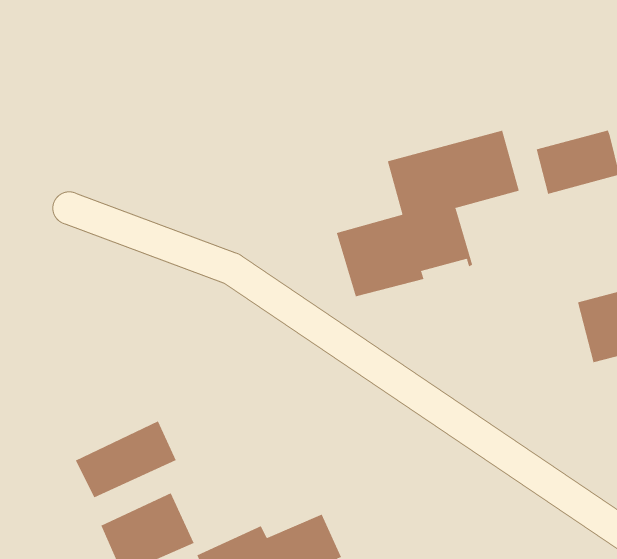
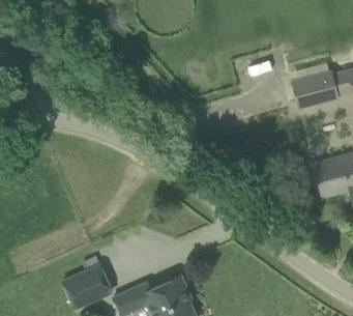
building: [336,130,520,297] -> none
building: [75,420,177,498] -> none

